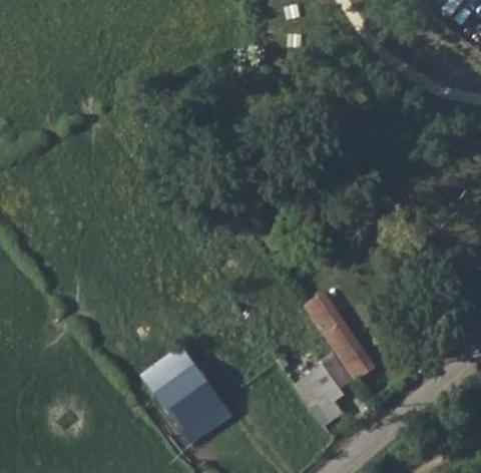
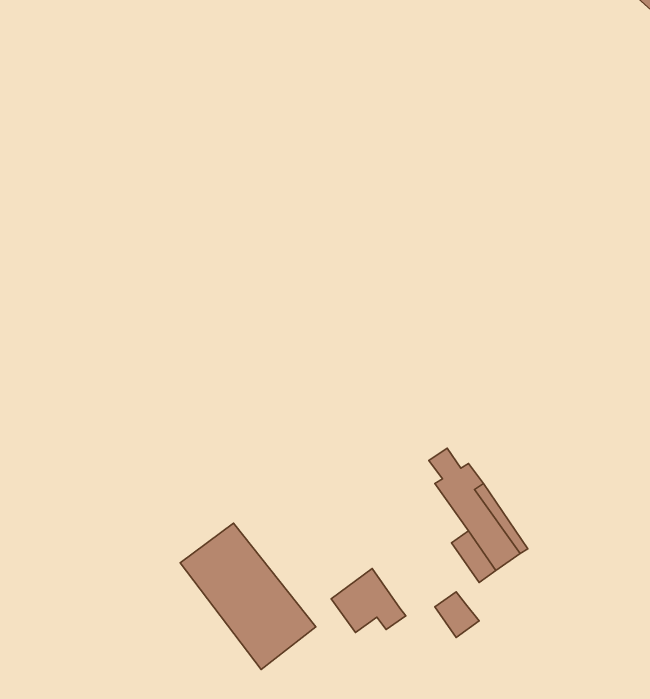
building: [295,362,344,404] -> [331,568,406,632]

